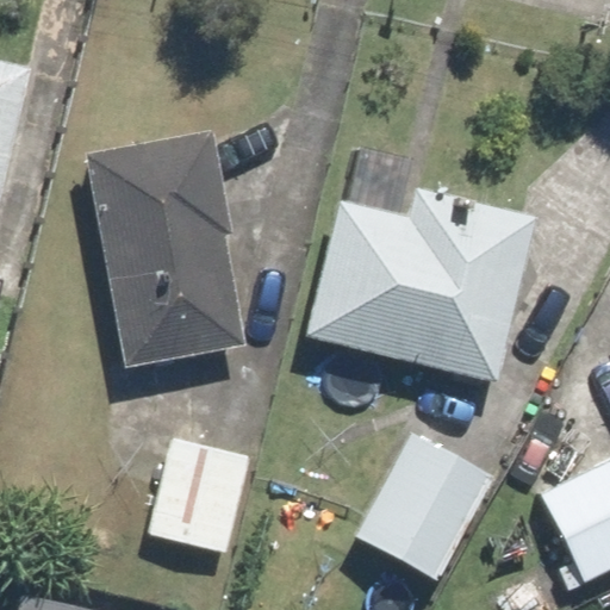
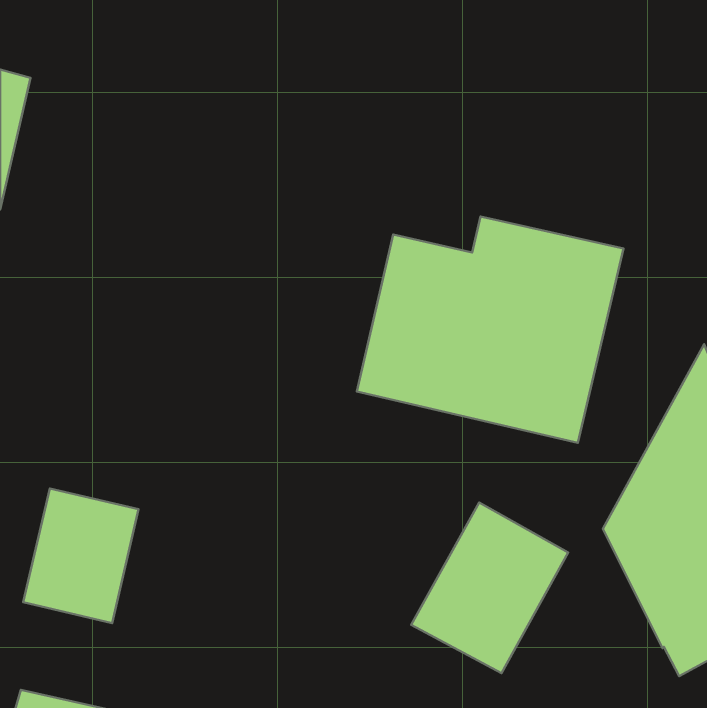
building: [87,132,245,367] -> none
building: [150,437,249,553] -> [23,488,139,623]

